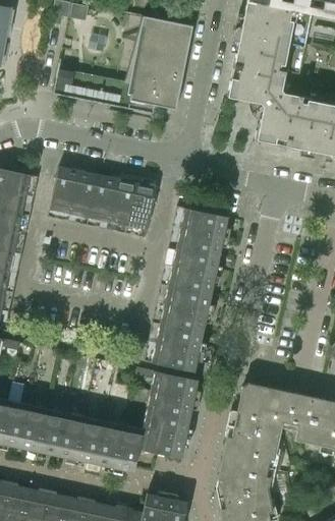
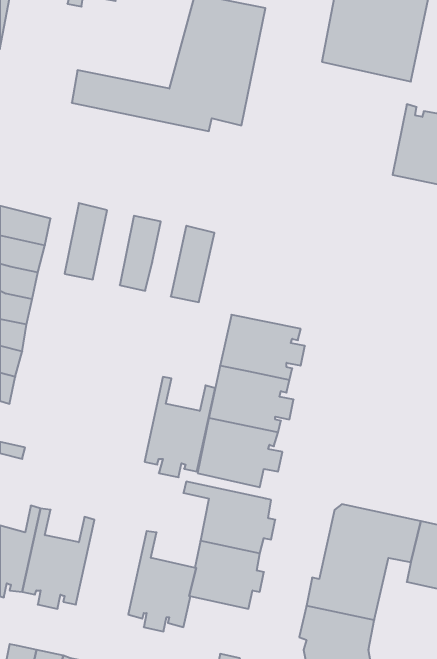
building: [228,65,295,147] -> none
building: [69,172,99,226] -> none
building: [107,180,136,234] -> none
building: [169,207,230,257] -> none
building: [57,395,108,467] -> [145,377,215,477]

